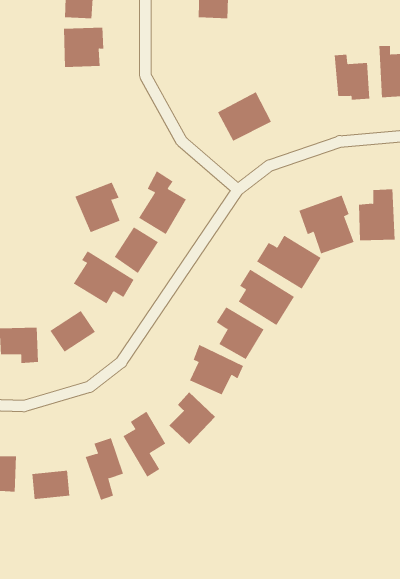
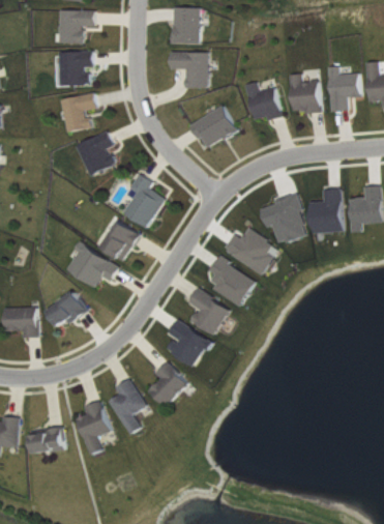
building: none -> [170,52,208,87]
building: none -> [245,82,282,120]
building: none -> [61,92,96,133]
building: [74,182,121,233] -> [76,132,115,175]

